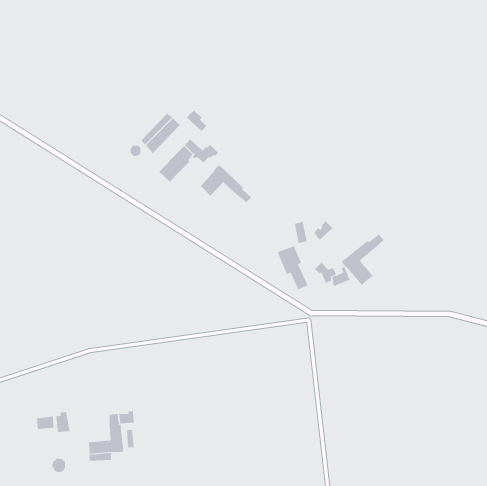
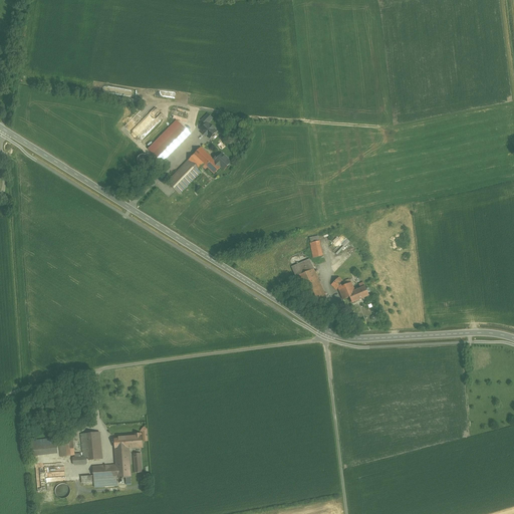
building: [200,164,252,203] -> none
building: [341,233,384,286] -> none
building: none -> [80,431,98,459]

